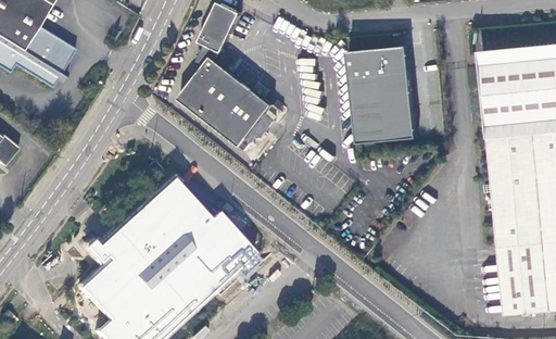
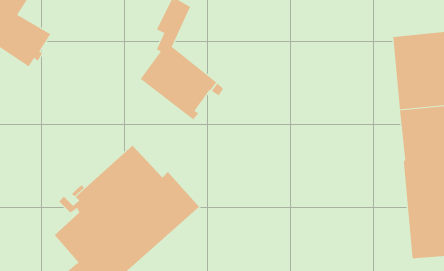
building: [346,43,417,142] -> none

